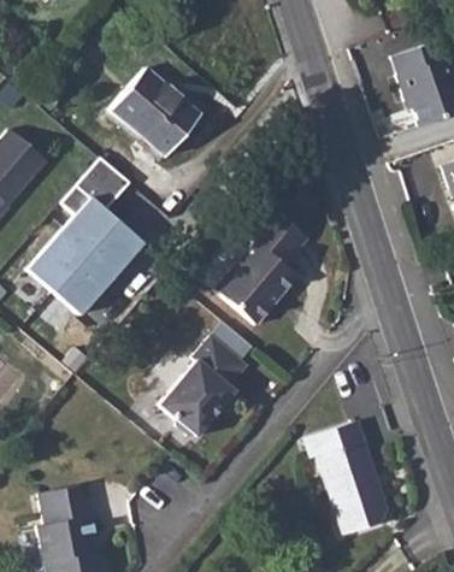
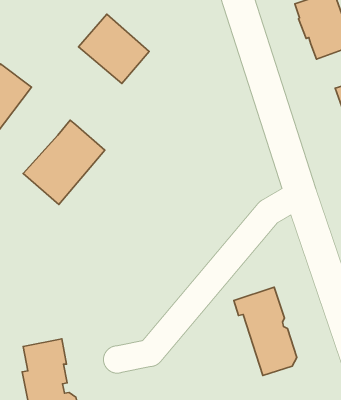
building: [60,158,130,224] -> none
building: [217,208,308,325] -> none
building: [161,335,250,436] -> none

